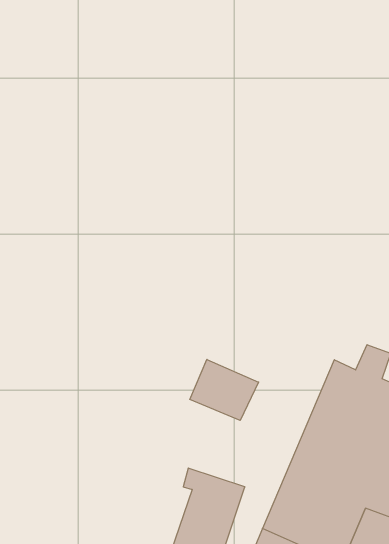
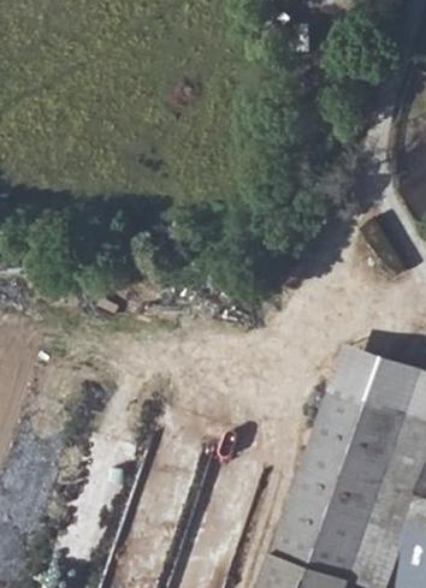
building: [190,359,259,420] -> none

